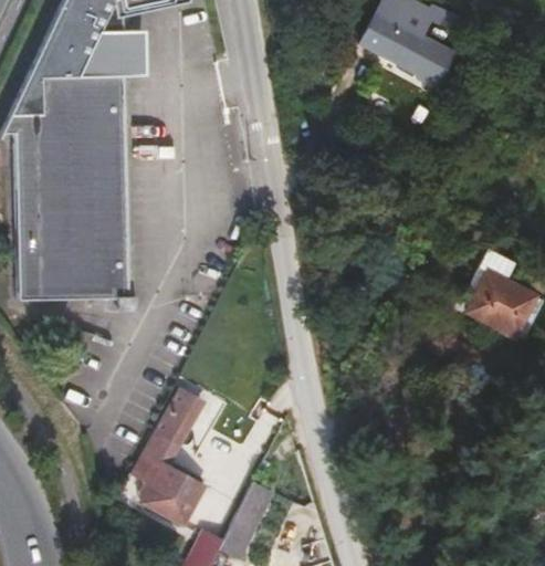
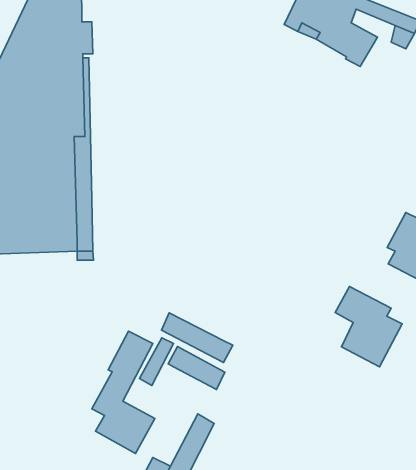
building: none -> [335,286,402,367]
building: none -> [161,313,233,363]
building: none -> [168,347,225,389]

